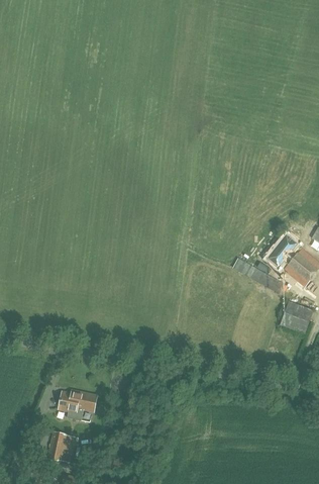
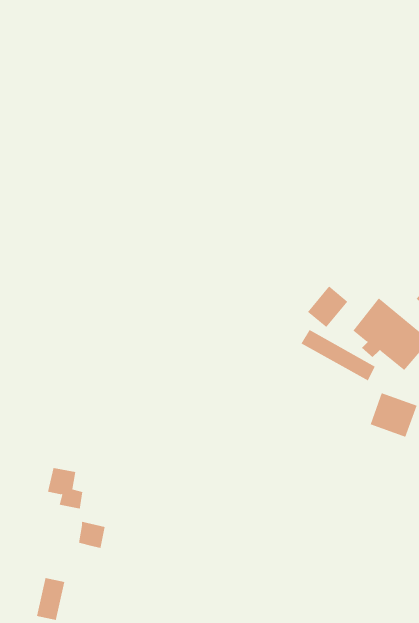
building: none -> [307,285,348,328]
building: [59,391,84,420] -> [47,467,83,509]

